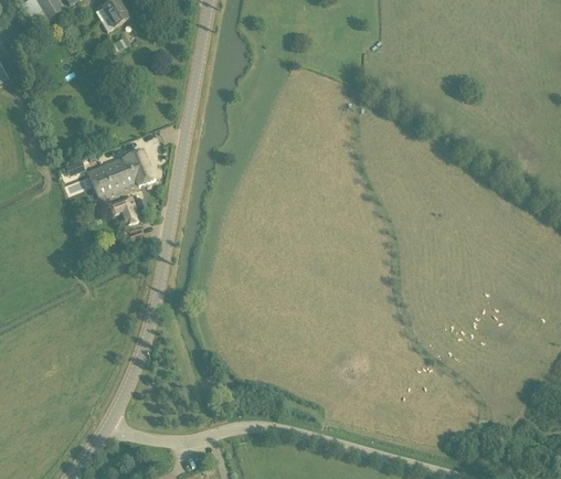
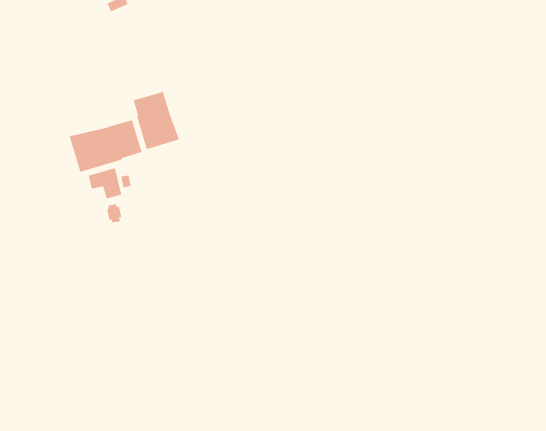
building: none -> [133,91,180,150]

